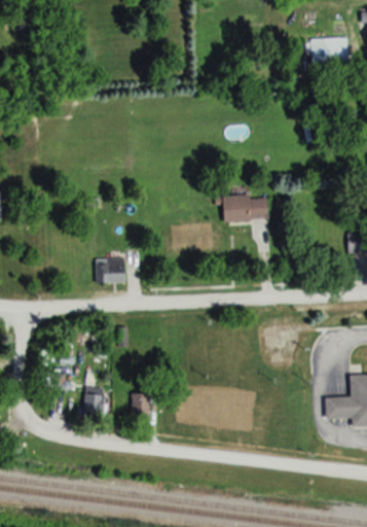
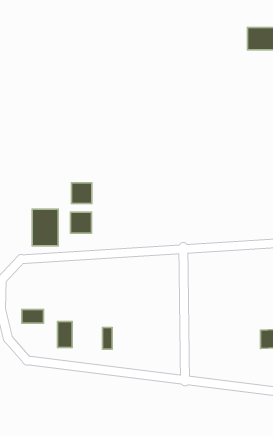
building: [221,194,268,219] -> none
building: none -> [72,183,92,204]
building: none -> [32,209,58,246]

